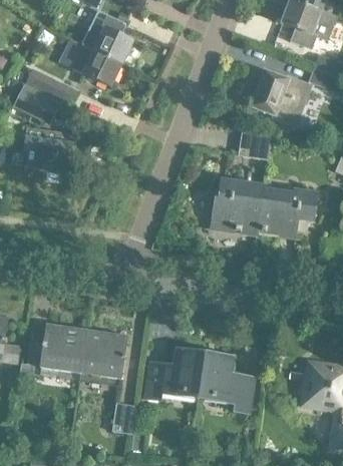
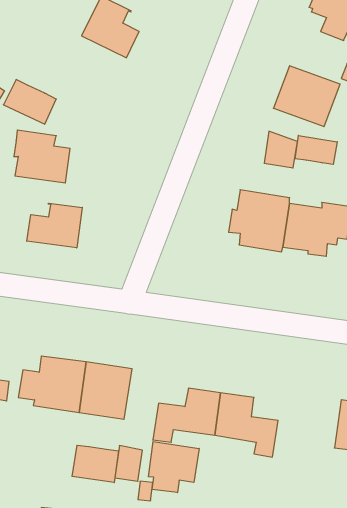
building: [72,44,121,86] -> none
building: [25,67,78,103] -> none
building: none -> [295,135,337,164]
building: none -> [27,203,82,248]
building: none -> [149,442,199,493]
building: none -> [72,445,118,483]

